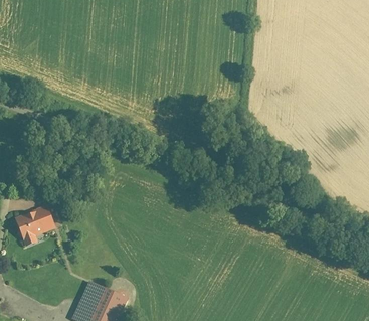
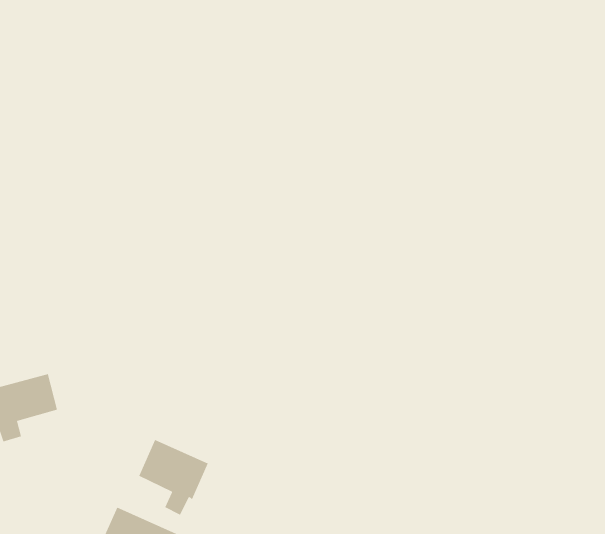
building: none -> [138,439,209,515]

